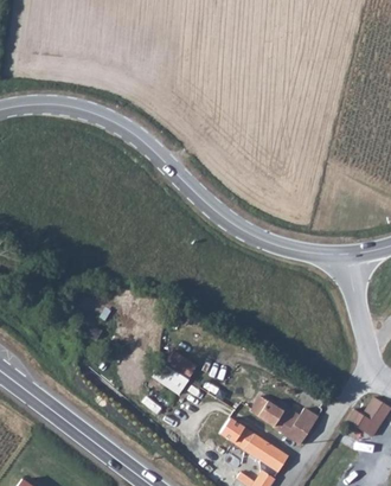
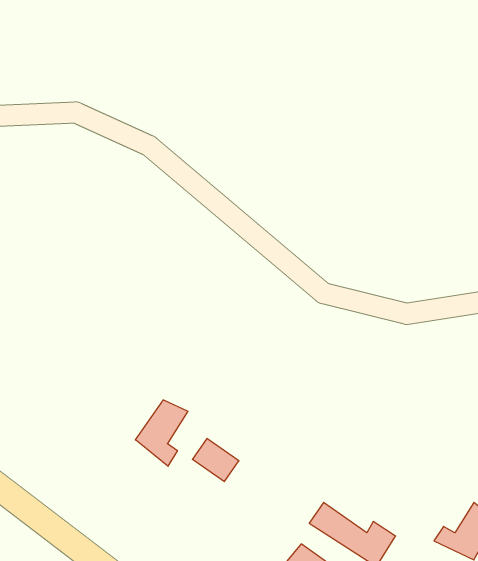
building: none -> [135,400,188,466]

